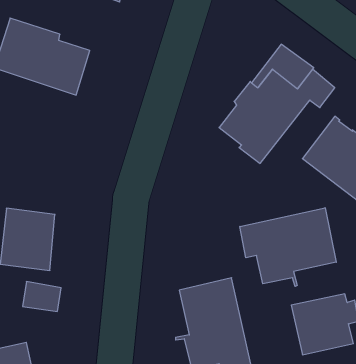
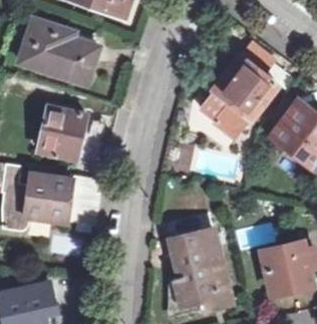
building: none -> [32,105,83,158]
building: [240,208,336,286] -> none

